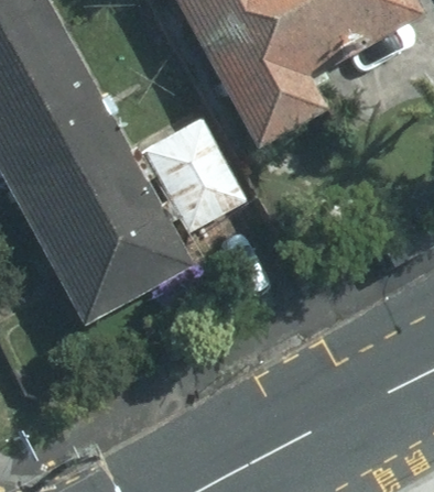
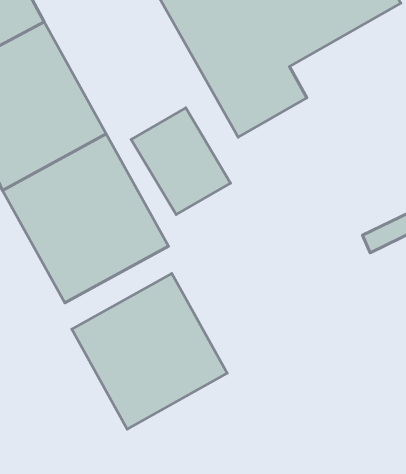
building: none -> [72,273,227,429]

